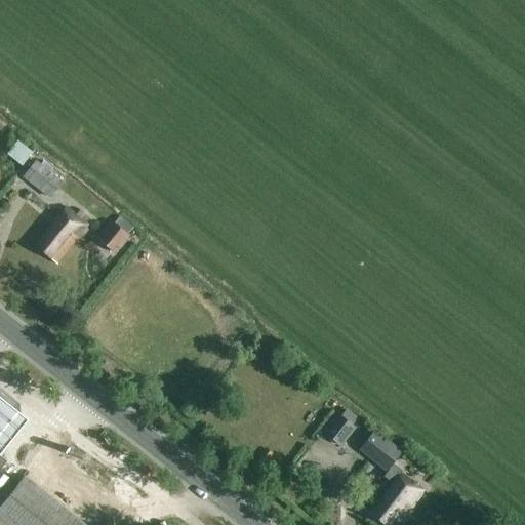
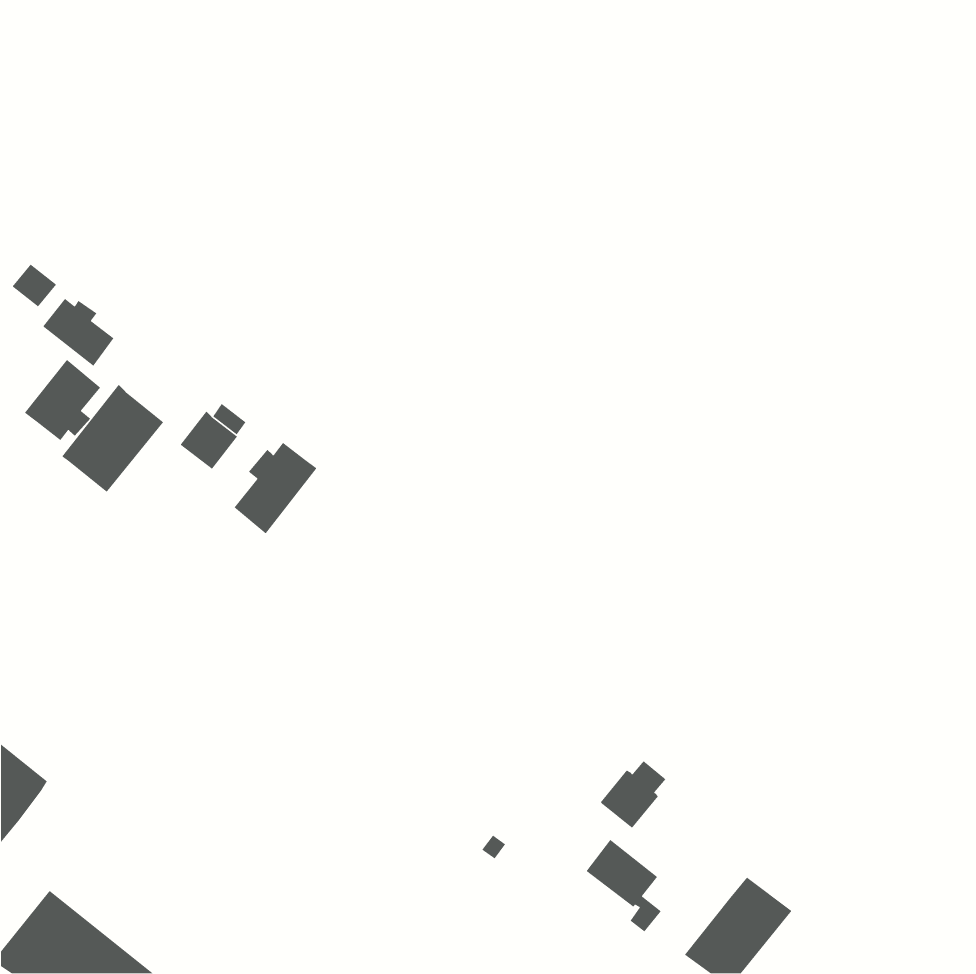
building: none -> [24,359,101,441]
building: none -> [233,442,318,535]
building: [360,432,401,482] -> [585,839,662,932]

